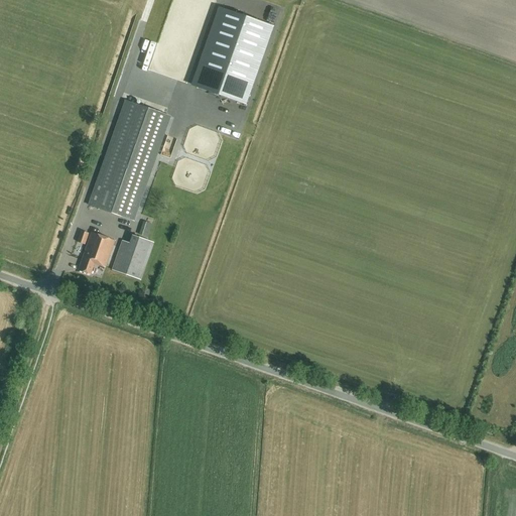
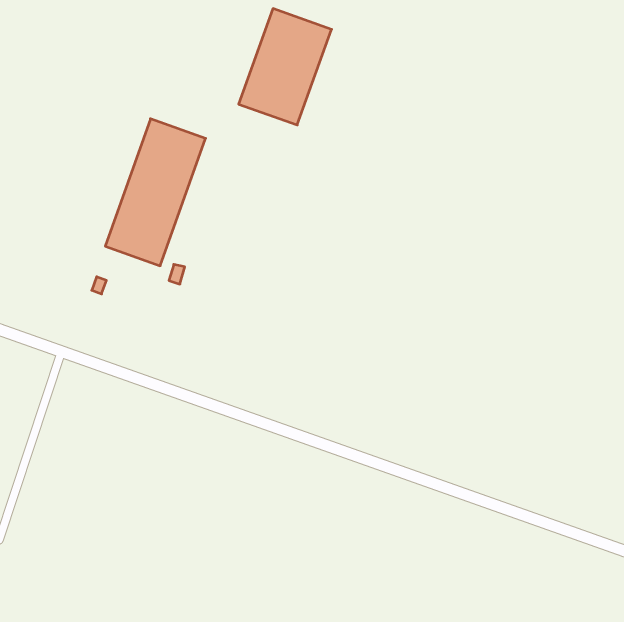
building: [78,231,114,272] -> none
building: [111,232,153,278] -> none

